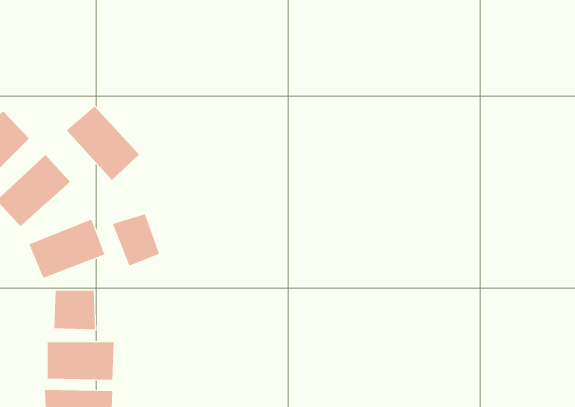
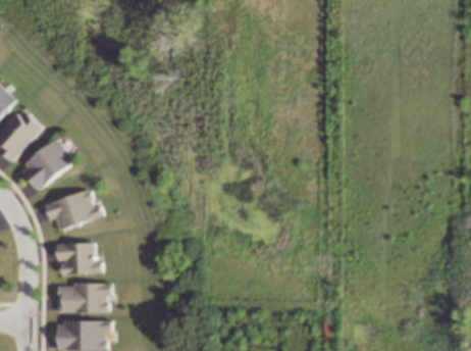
building: [66,106,140,181] -> none
building: [112,214,160,266] -> none

